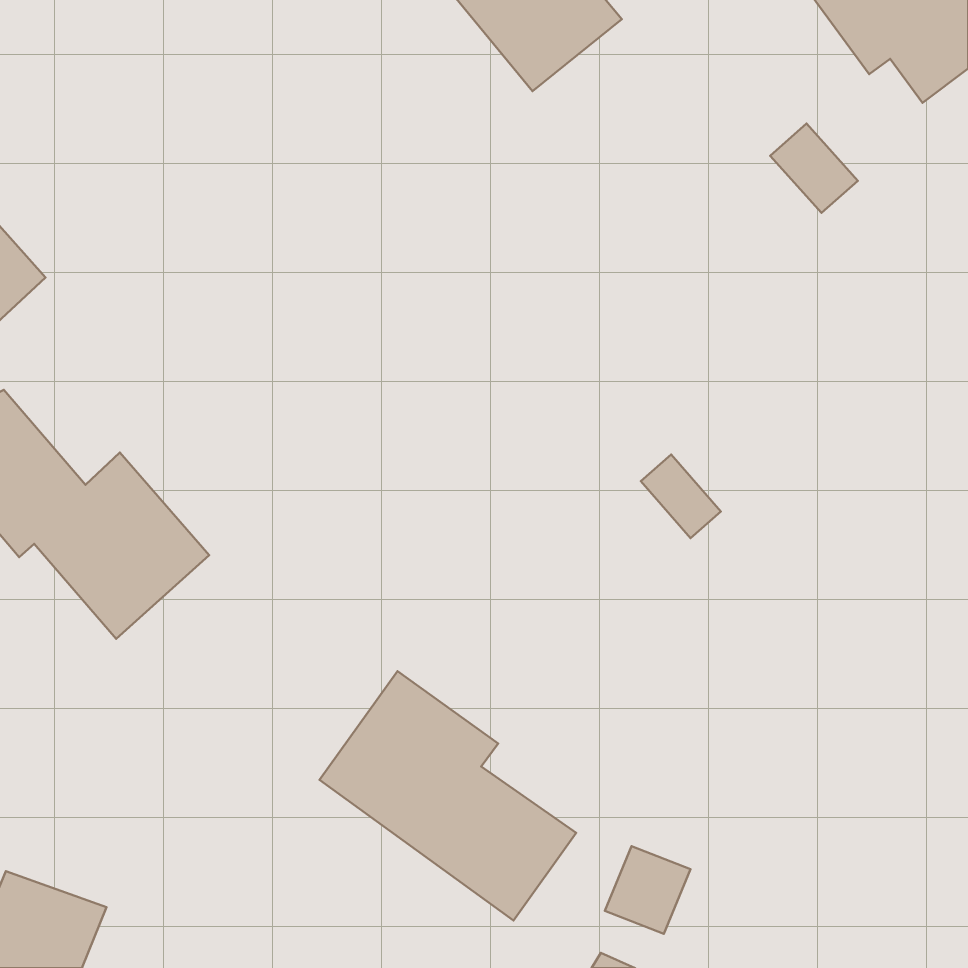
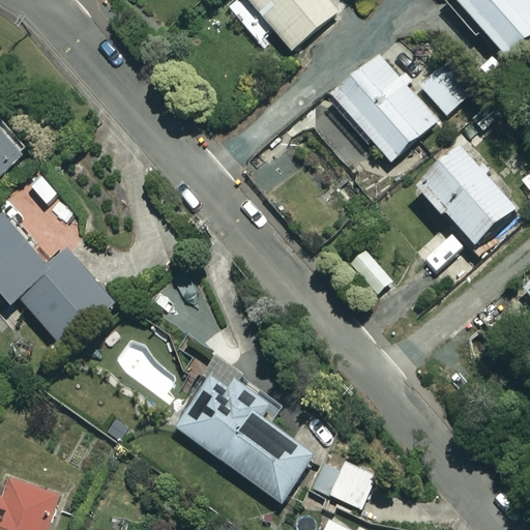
building: none -> [327,54,436,160]
building: none -> [413,142,516,243]

